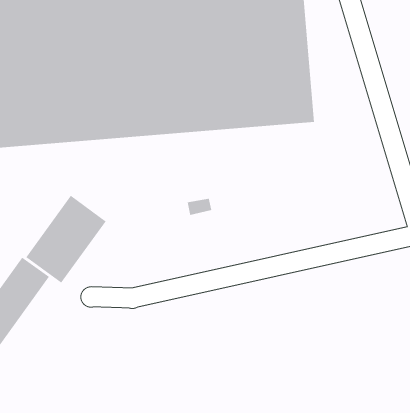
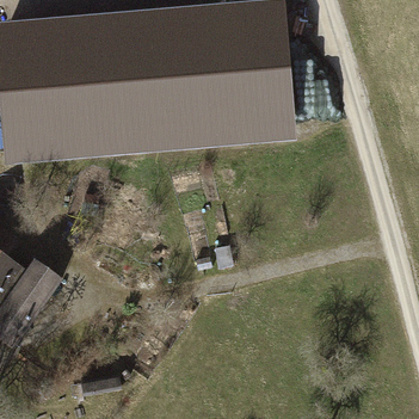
building: [26,195,107,284] -> none

